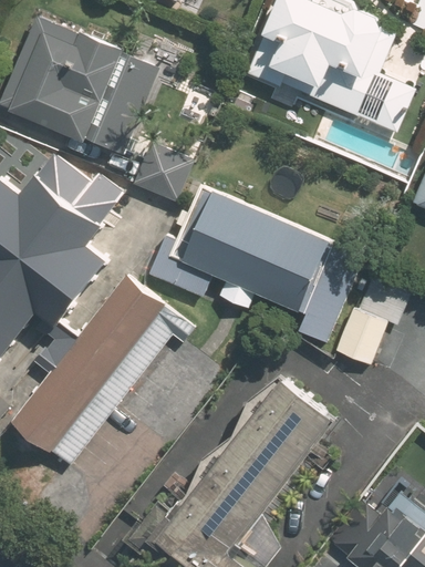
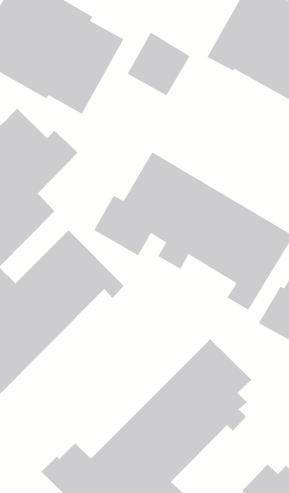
building: [129,136,195,203] -> [127,32,190,96]

